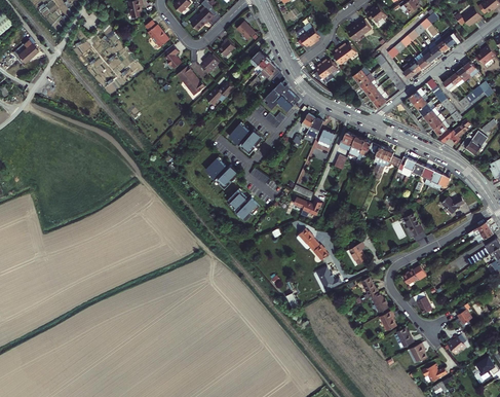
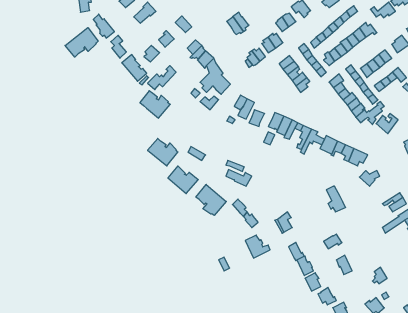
building: none -> [65,28,98,57]
building: [229,123,263,154] -> [140,91,170,118]
building: none -> [196,184,226,215]

